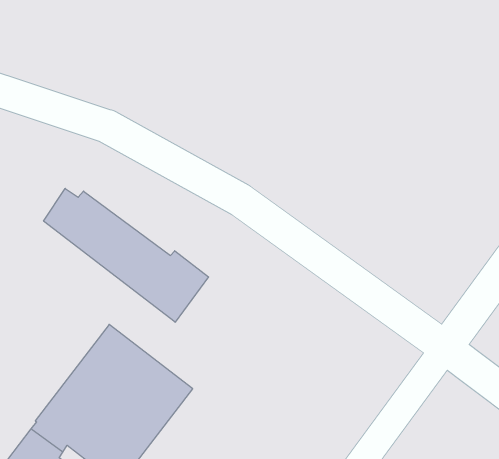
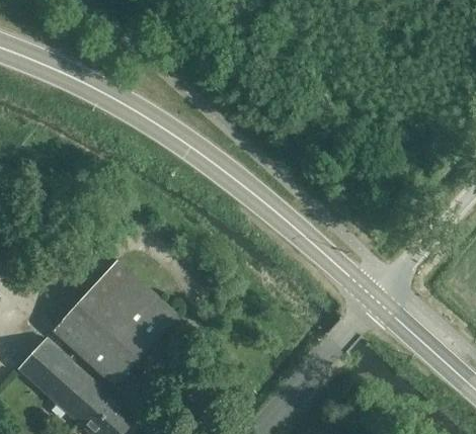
building: [44,188,209,322] -> none

